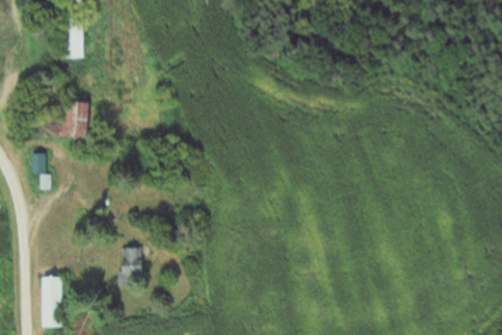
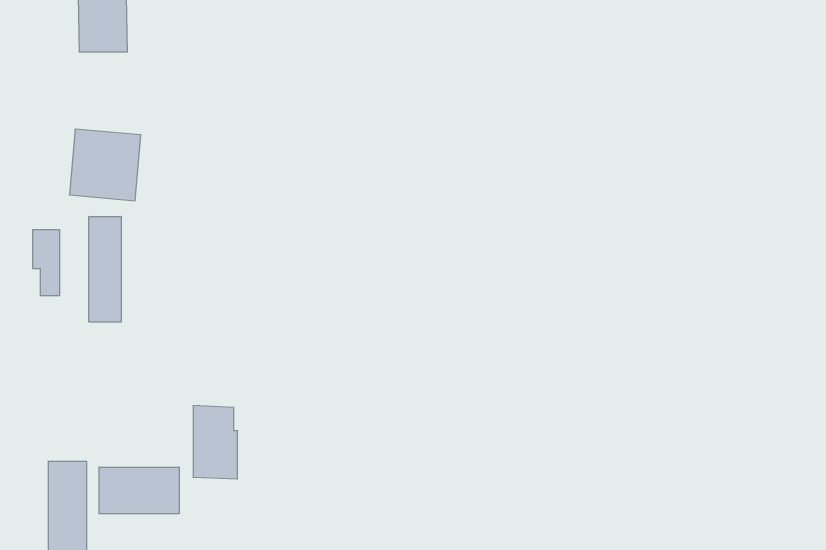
building: none -> [89,216,121,322]
building: none -> [99,467,179,514]

